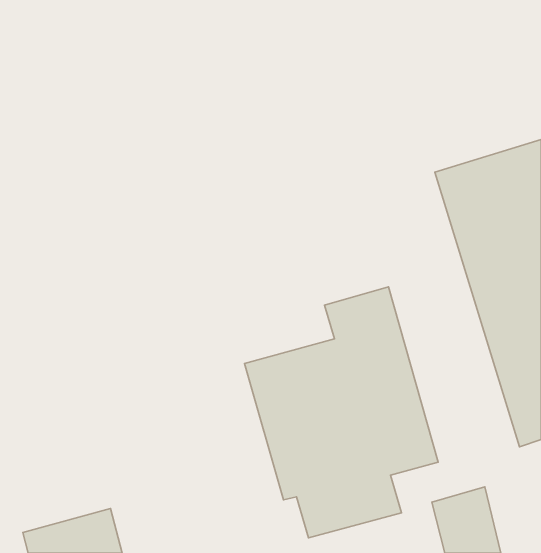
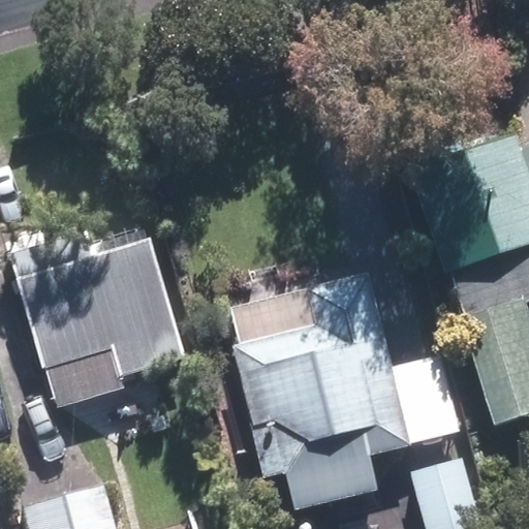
building: none -> [17,232,183,405]

